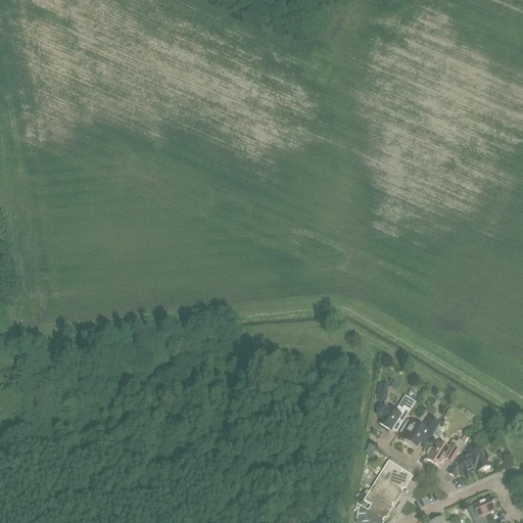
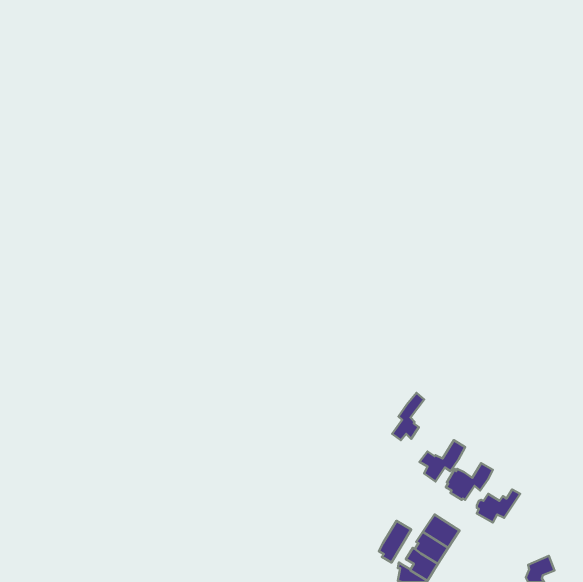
building: none -> [392,393,424,440]
building: [447,447,489,477] -> none
building: none -> [379,521,411,562]

